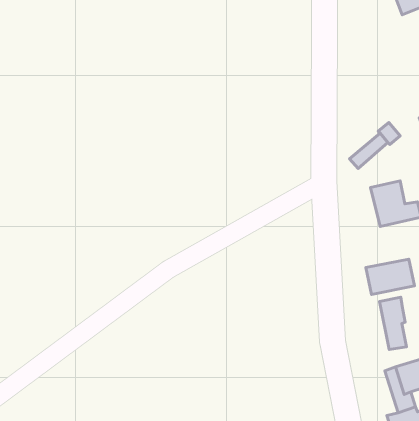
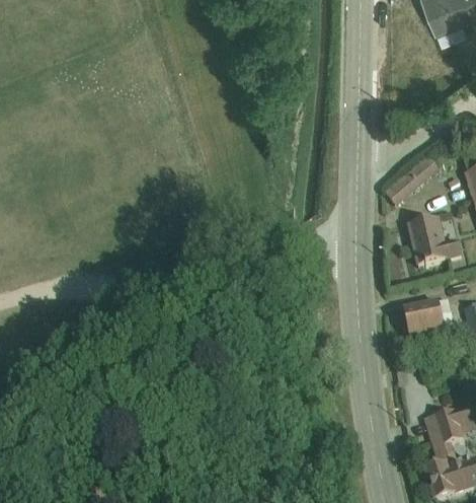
building: [379,297,406,349] -> none

